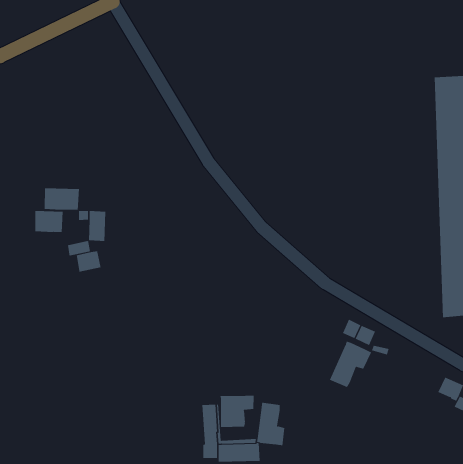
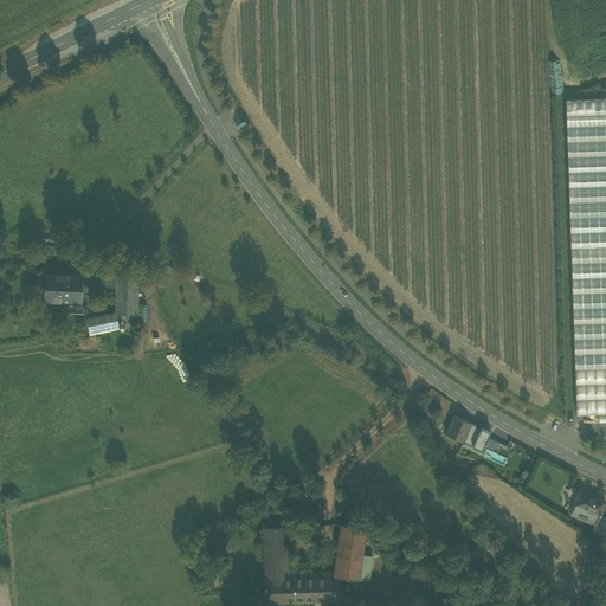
building: [44,187,80,211] -> none
building: [76,250,101,272] -> none
building: [329,341,372,388] -> none
building: [220,395,254,428] -> none

